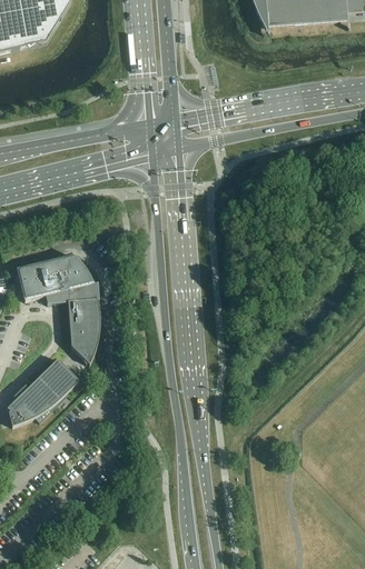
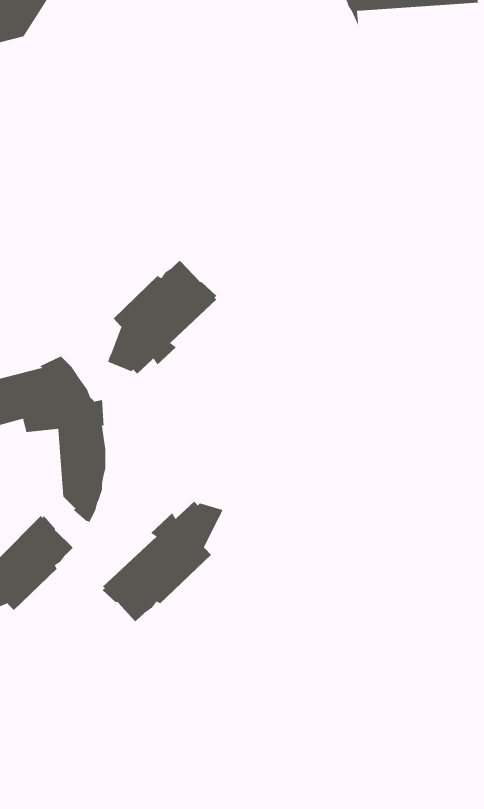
building: none -> [107,259,217,374]
building: none -> [102,501,223,623]

